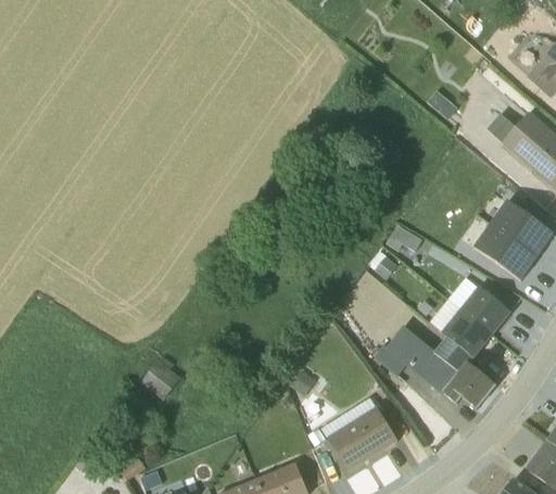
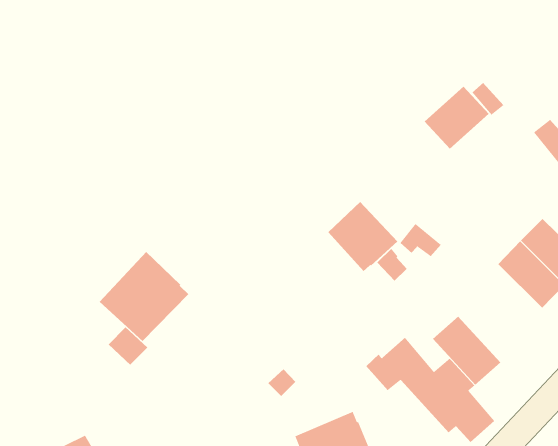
building: none -> [424,86,490,149]
building: none -> [327,201,398,272]
building: [448,278,511,334] -> none
building: none -> [99,251,189,342]

